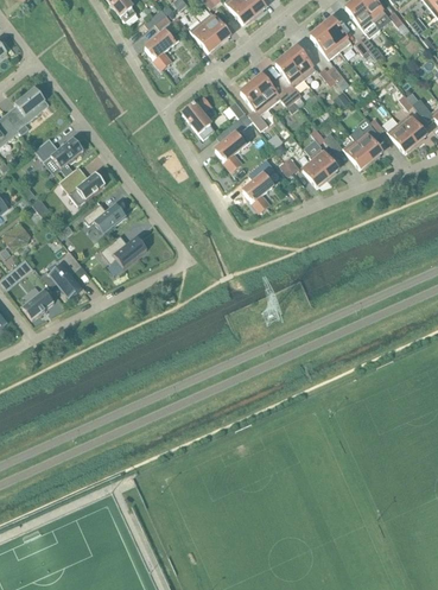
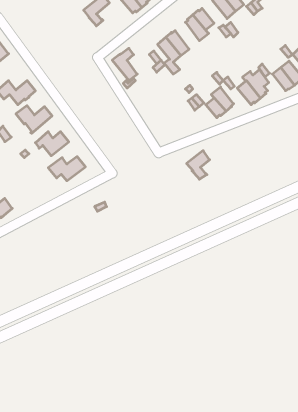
building: [215,128,250,170] -> none
building: [242,173,272,210] -> [187,151,210,179]
building: [49,250,87,298] -> none

